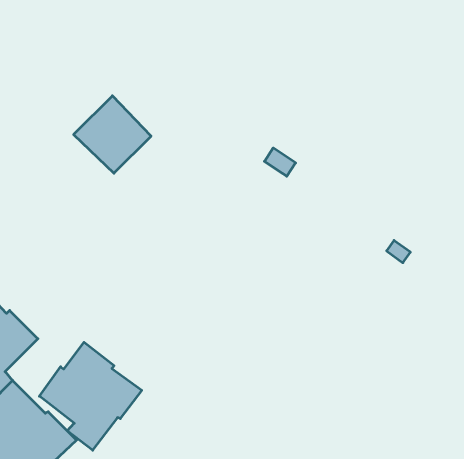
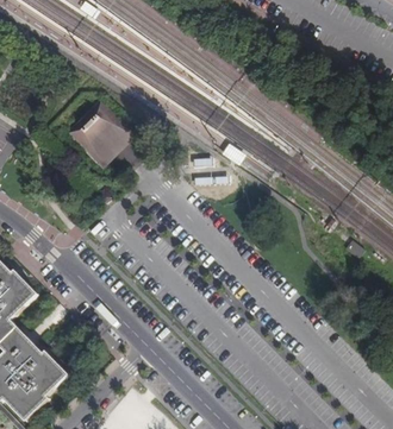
building: [39,342,142,450] -> none

